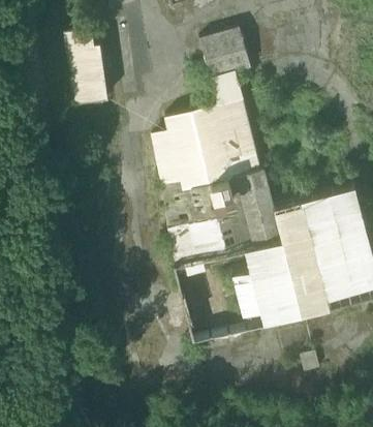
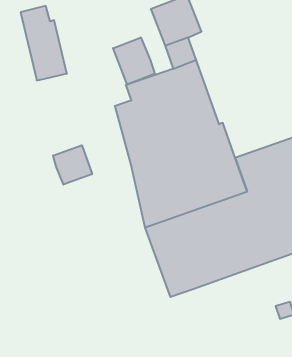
building: none -> [113,37,155,85]
building: none -> [53,145,92,185]

